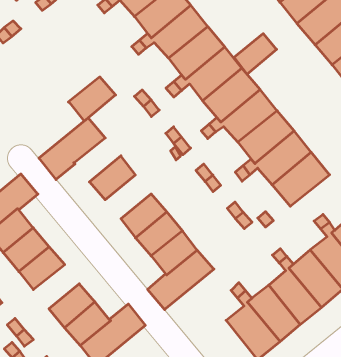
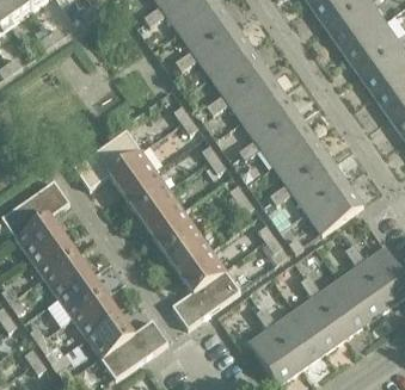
building: [234,34,277,74] -> none
building: [68,77,116,121] -> [108,151,155,194]
building: none -> [136,191,183,234]
building: none -> [57,276,104,318]

